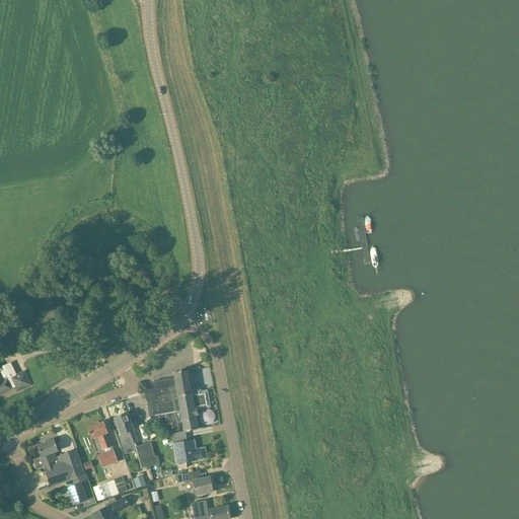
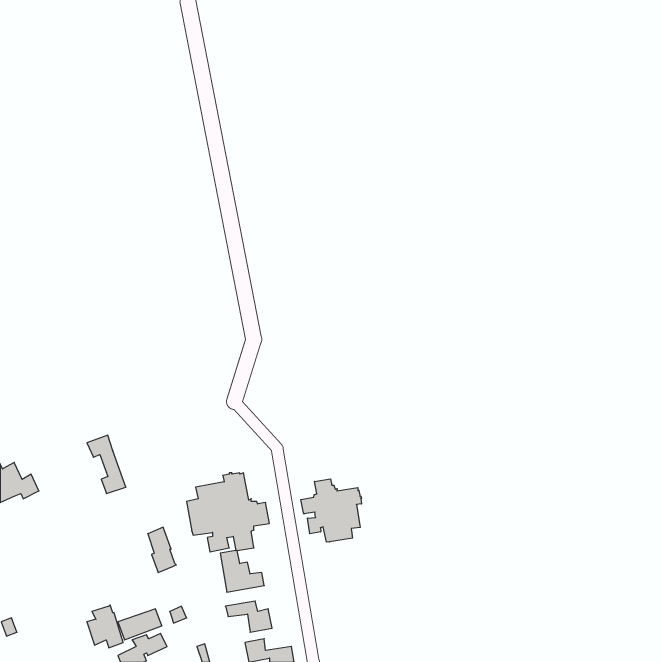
building: none -> [301,479,362,542]
building: [87,421,118,466] -> [87,435,126,494]
building: [38,439,85,487] -> none
building: [136,442,160,468] -> none

